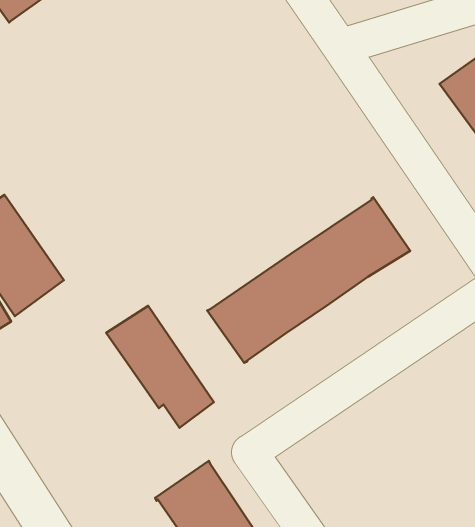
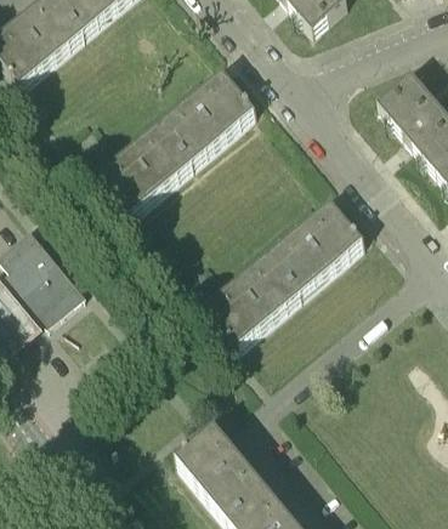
building: none -> [98,68,259,214]
building: [106,306,214,428] -> none

